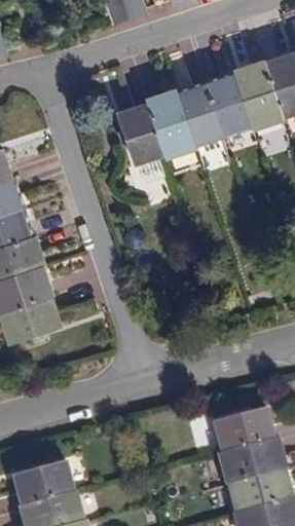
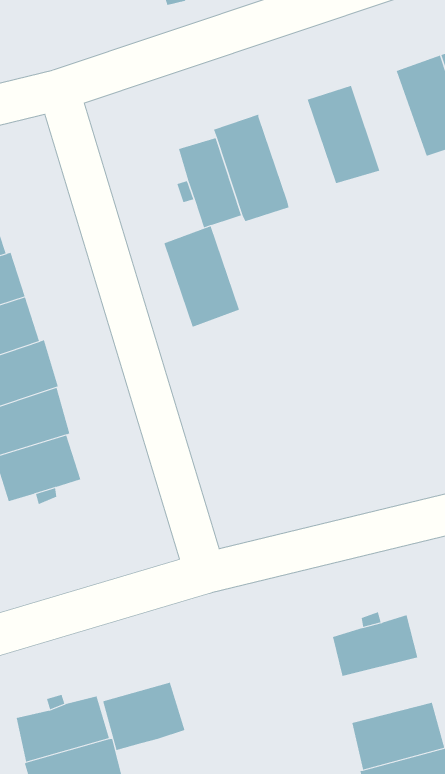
building: [232,60,281,129] -> none
building: [173,81,222,147] -> [163,226,240,327]
building: [222,440,287,485] -> none
building: none -> [102,682,185,751]

